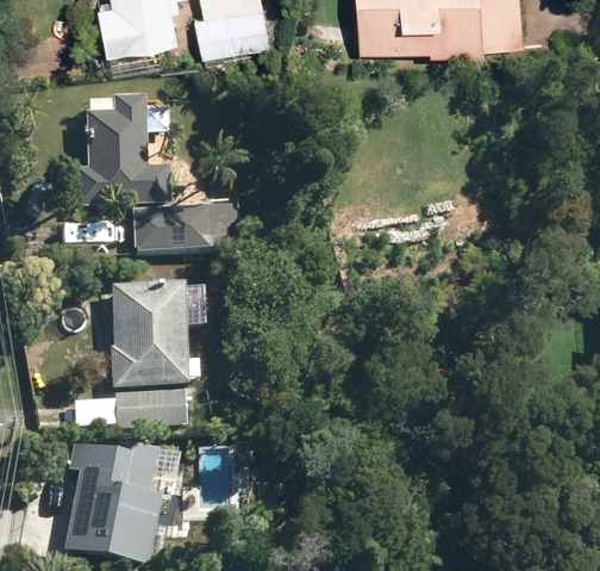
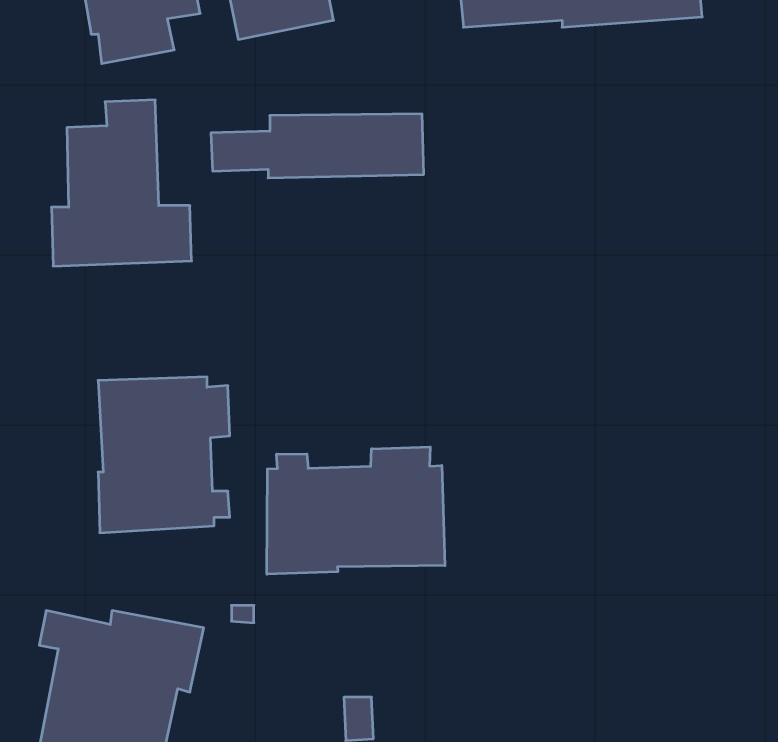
building: [94,205,240,249] -> [211,114,424,178]
building: none -> [267,447,445,574]
building: [75,391,188,428] -> none

